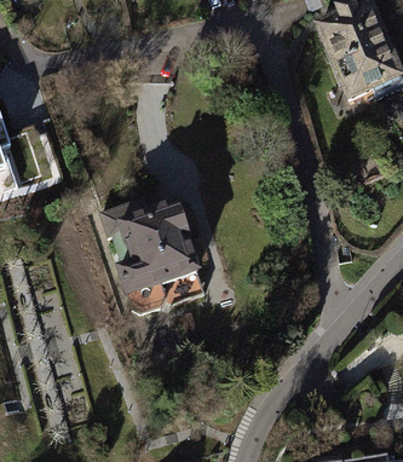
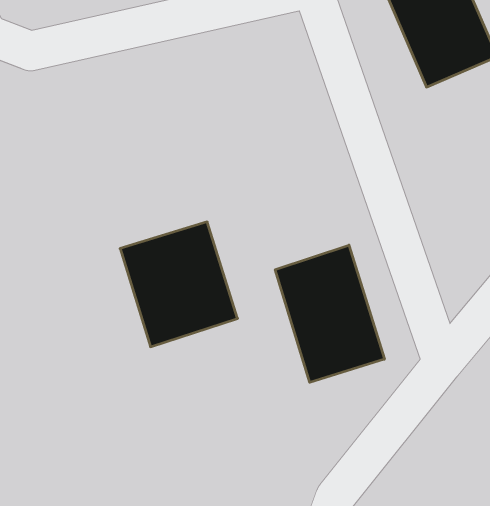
building: none -> [275,245,384,382]

